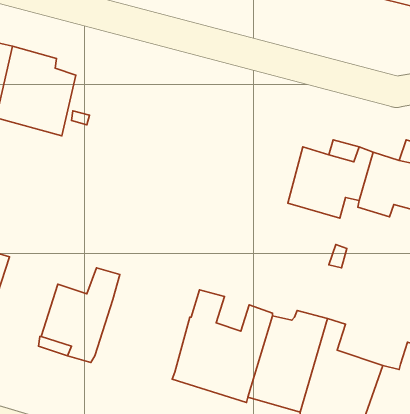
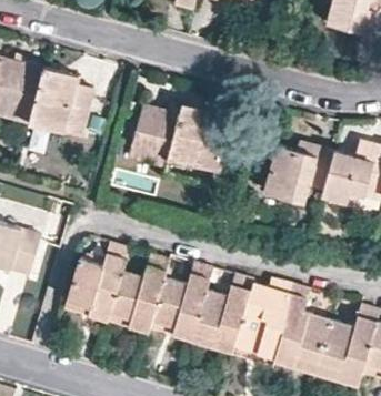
building: none -> [128,103,225,174]
building: none -> [109,255,186,333]

